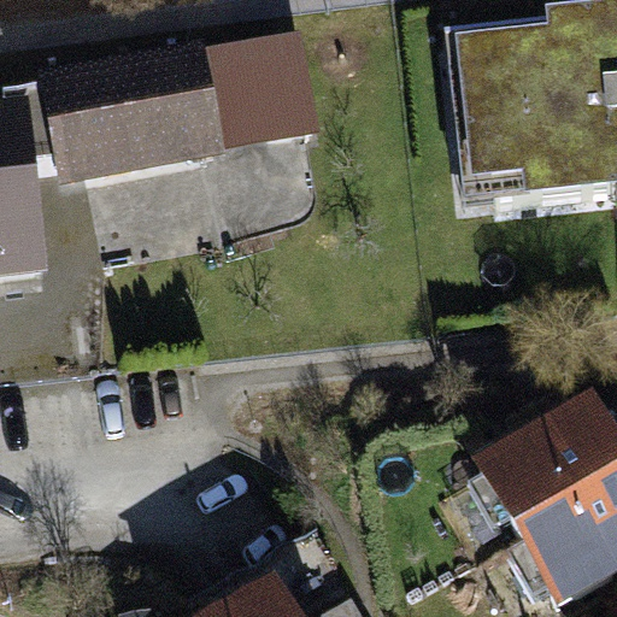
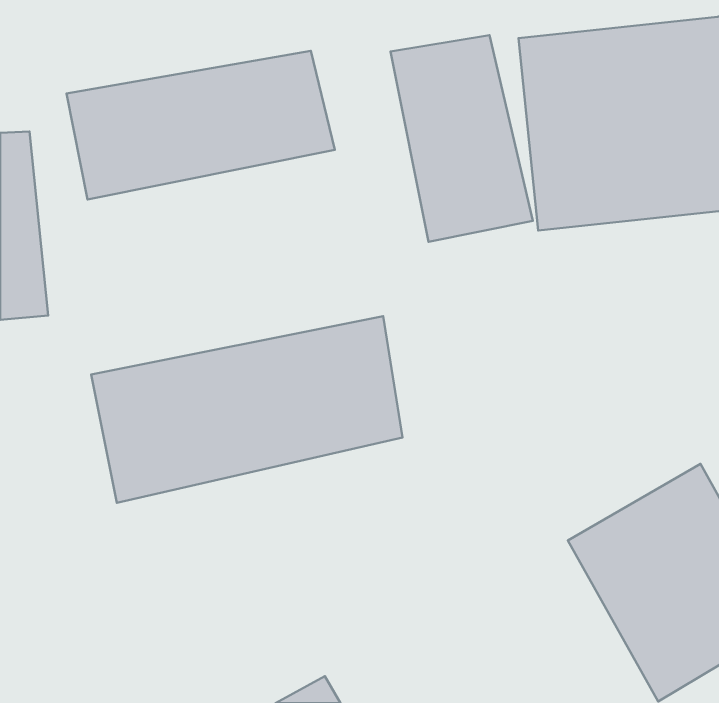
building: none -> [390,35,533,242]
building: none -> [91,316,403,503]

